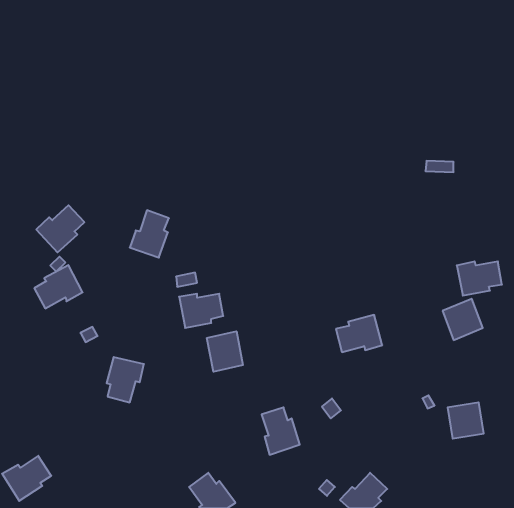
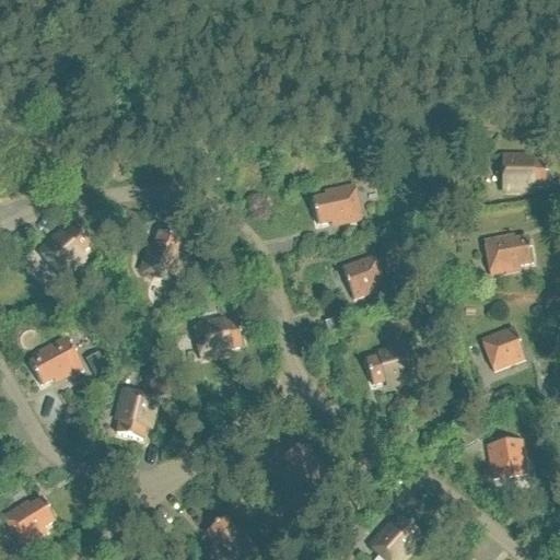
building: none -> [502,154,547,188]
building: none -> [312,184,361,222]
building: none -> [341,254,385,298]
building: [457,261,502,296] -> [483,235,533,272]
building: [34,265,83,308] -> [28,336,81,383]
building: [207,331,243,372] -> none

